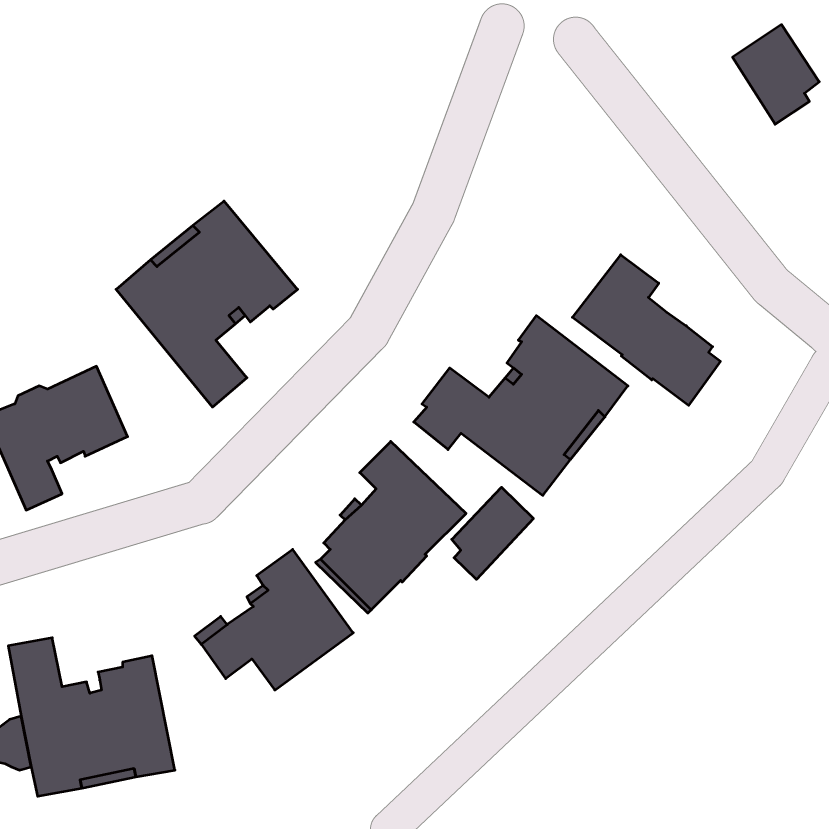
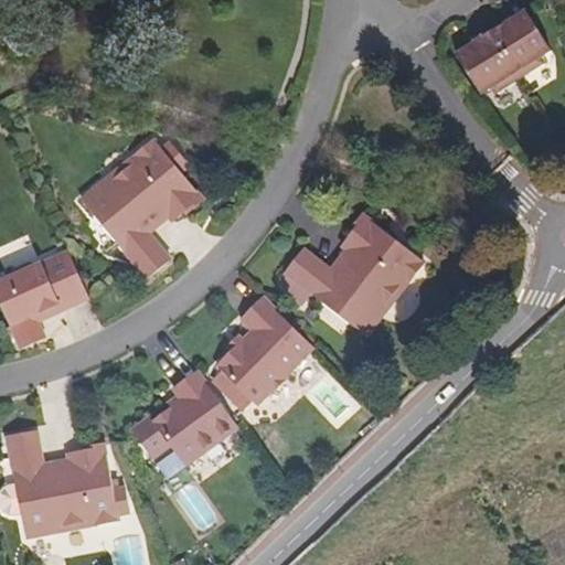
building: none -> [458,36,523,100]
building: [572,255,720,405] -> none
building: [452,487,533,579] -> none

